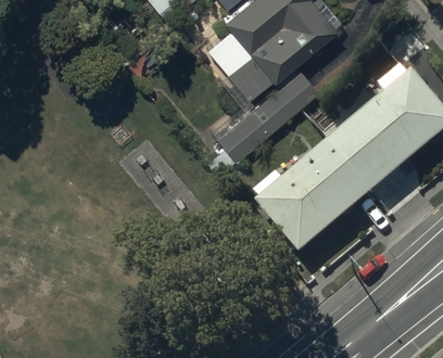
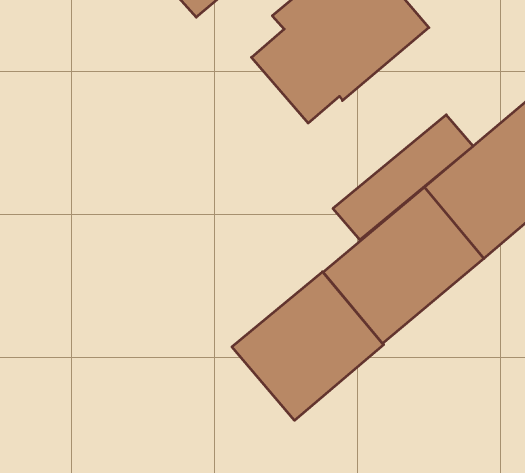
building: [213,62,315,153] -> [333,115,473,240]
building: none -> [232,272,384,420]

